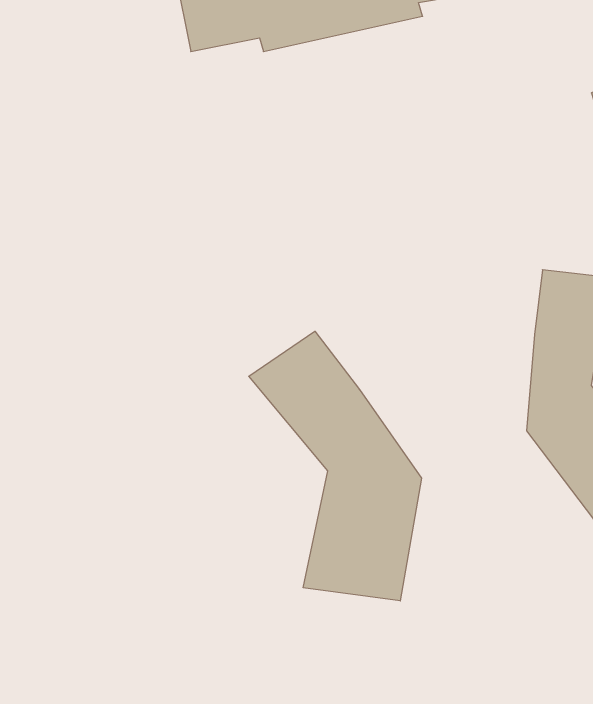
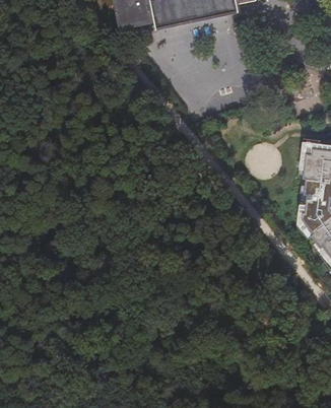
building: [249,331,421,601] -> none

